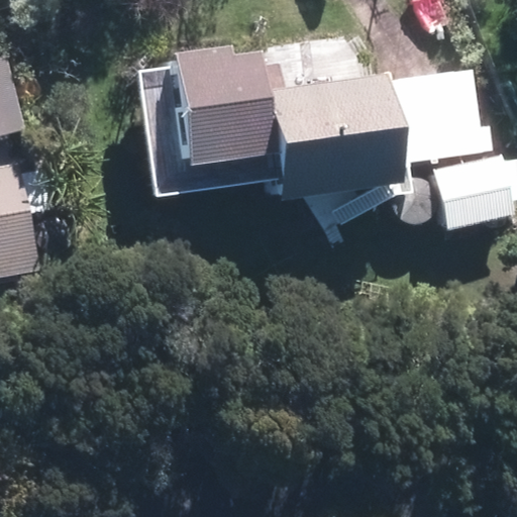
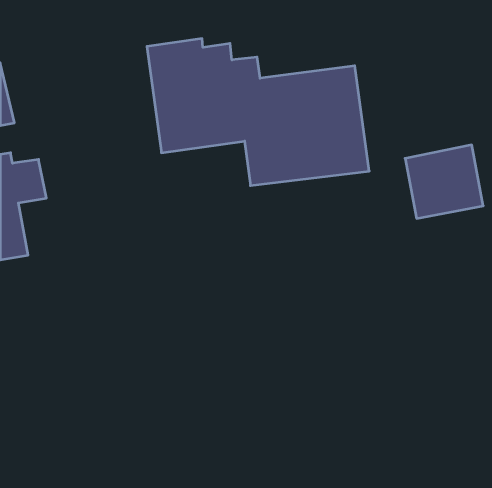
building: [382,72,476,167] -> none

